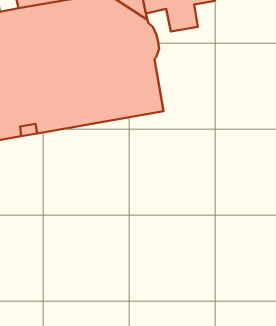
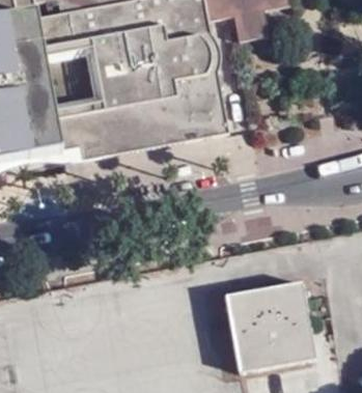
building: none -> [226,281,316,371]

